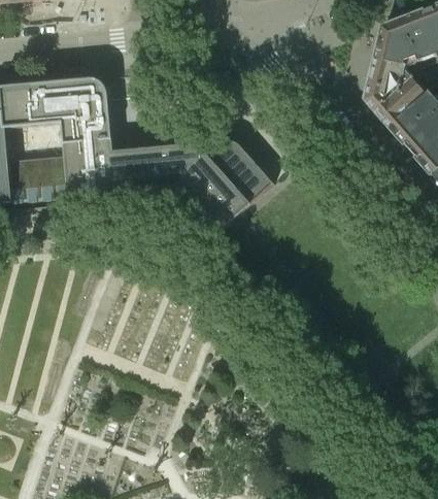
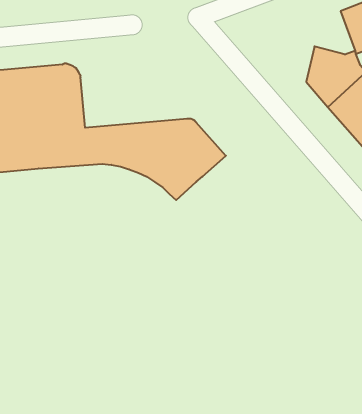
building: [375,16,422,66] -> none

